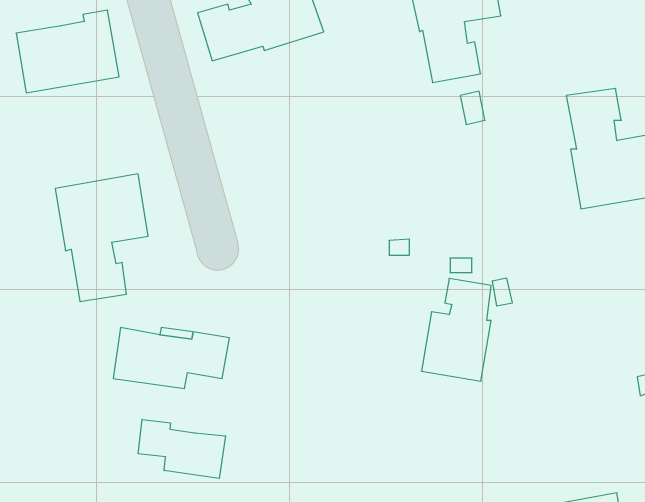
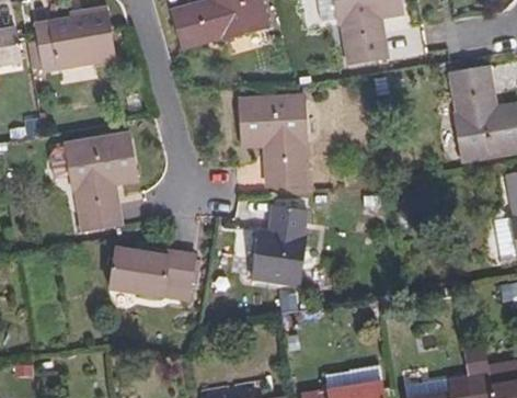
building: none -> [240,94,306,184]
building: [421,278,491,381] -> [252,206,305,284]
building: [138,419,225,478] -> none

